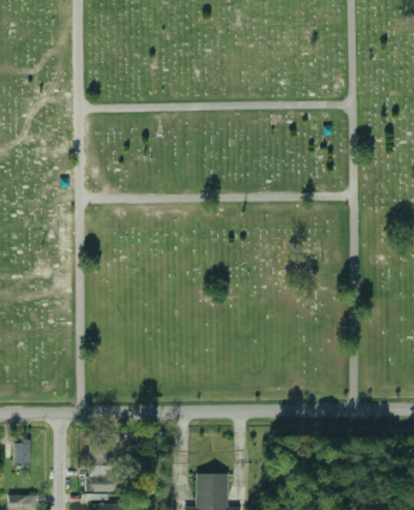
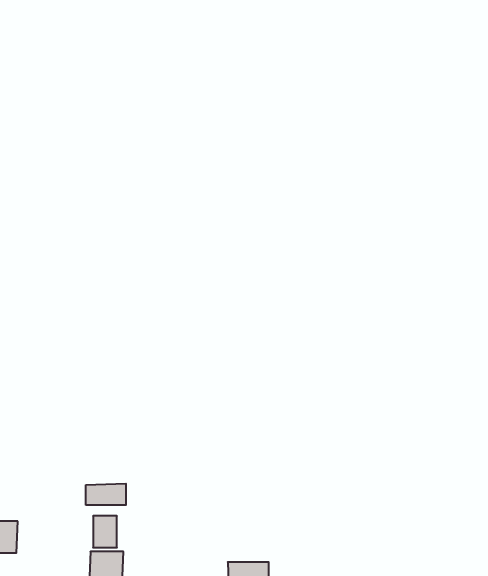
building: none -> [86,484,126,505]

